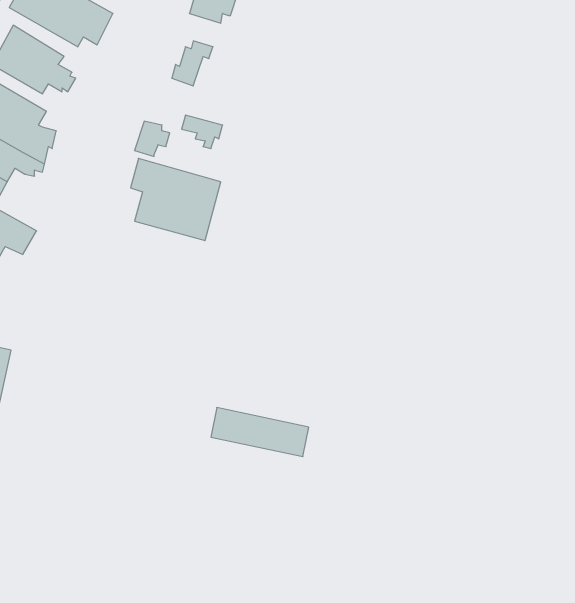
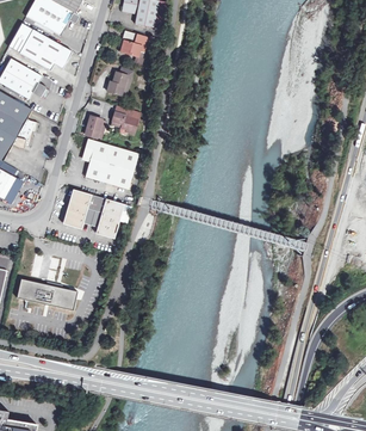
building: none -> [63,189,124,239]
building: [211,408,309,457] -> [17,279,76,309]

